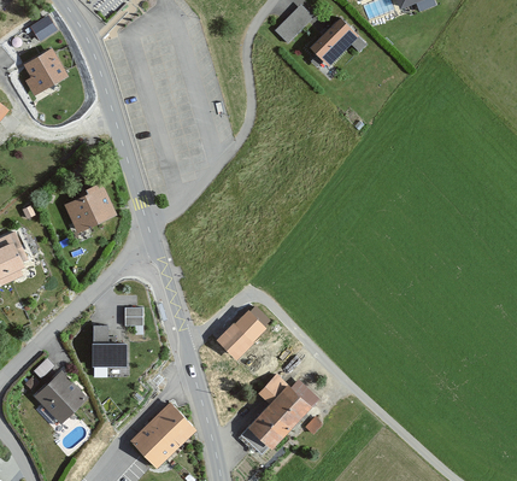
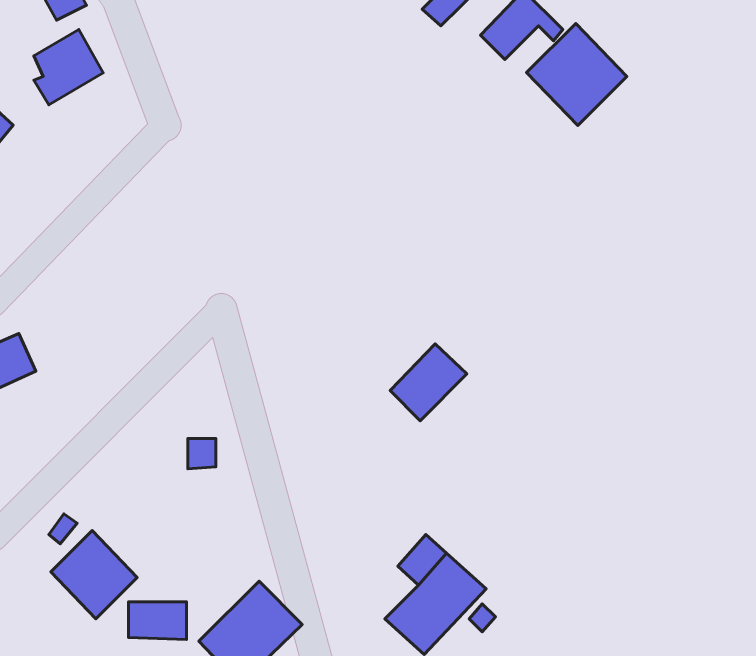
building: none -> [527,23,627,126]
building: [61,181,117,234] -> none
building: [219,307,269,357] -> [390,344,467,421]
building: [89,345,127,369] -> [128,602,186,639]

